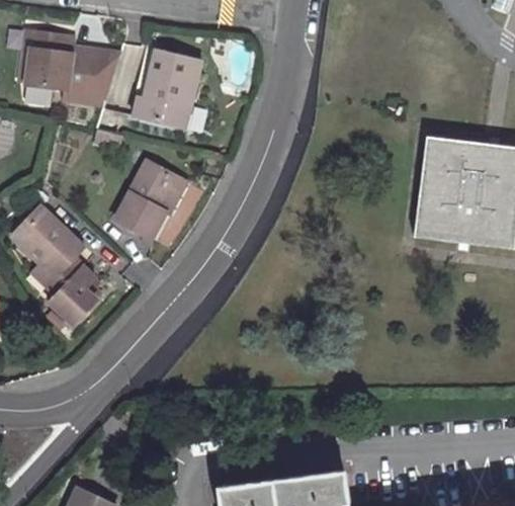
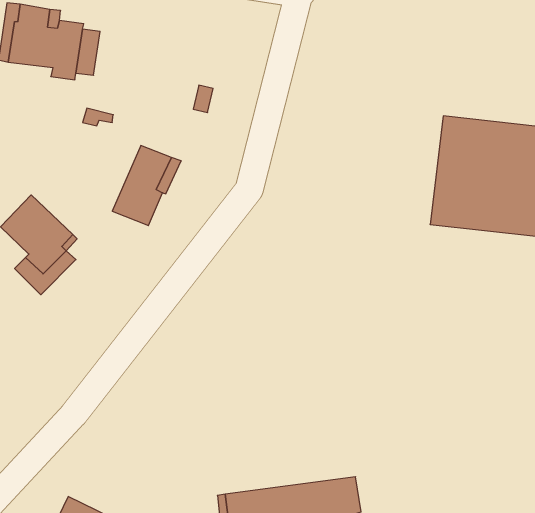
building: [134,50,201,130] -> none
building: [53,269,99,327] -> none

